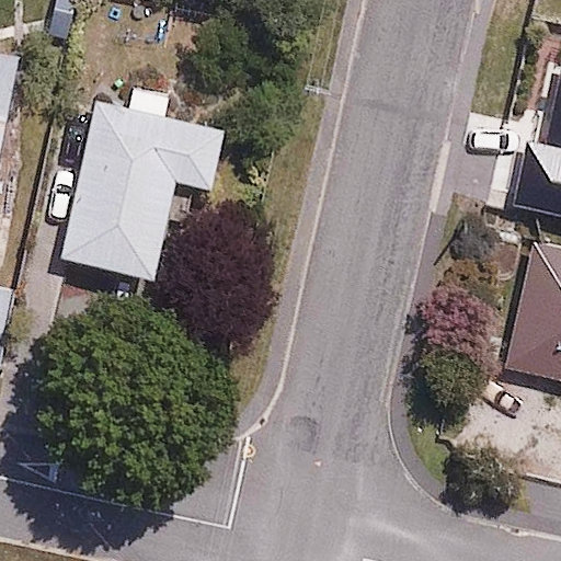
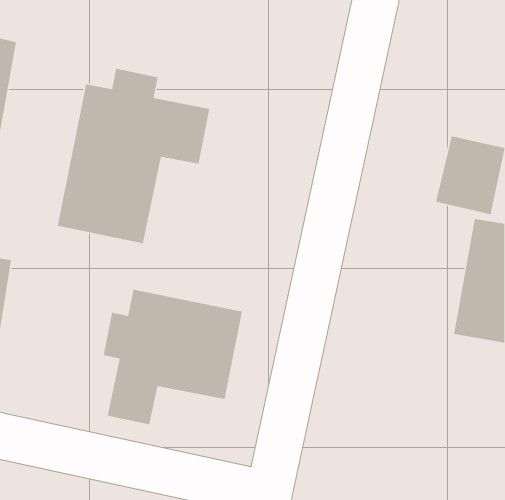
building: none -> [103,289,243,425]

